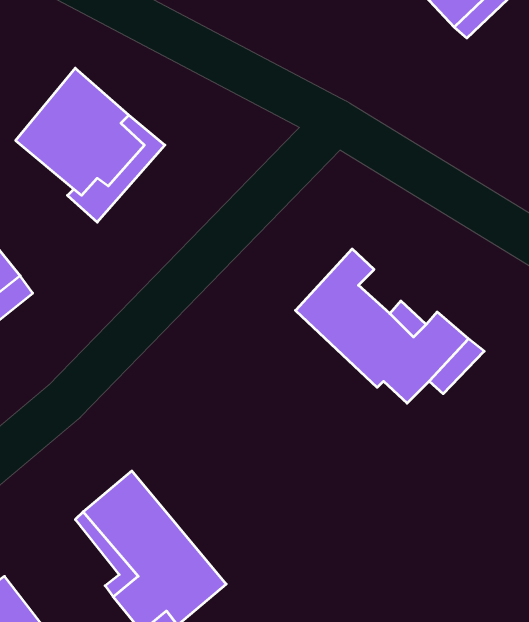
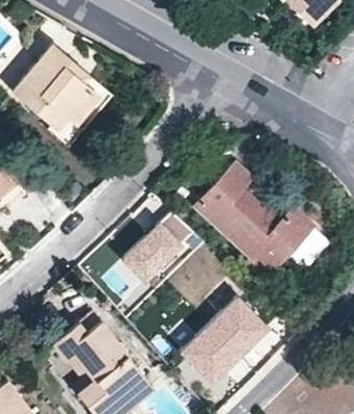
building: none -> [127,211,194,282]
building: none -> [180,295,268,382]

